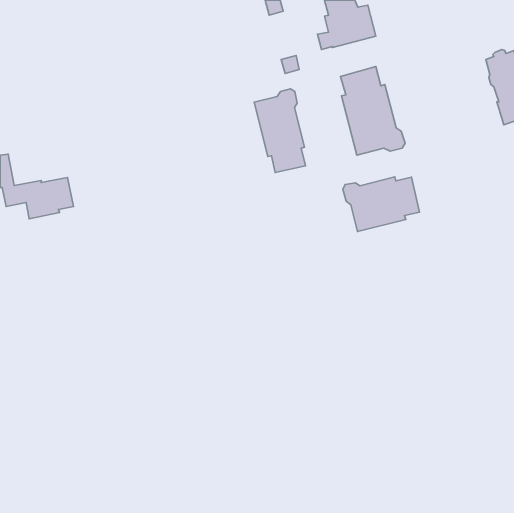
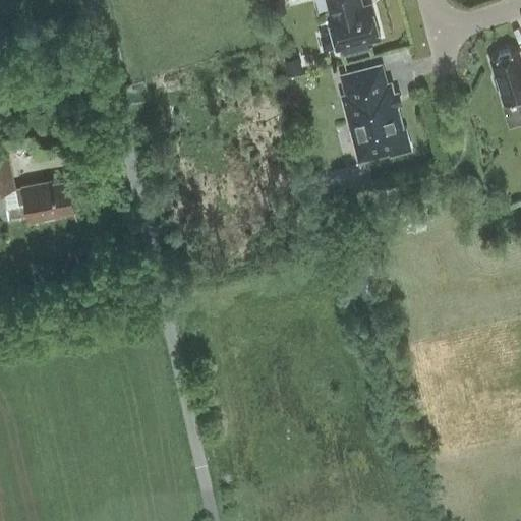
building: [254,89,306,172] -> none
building: [343,177,420,232] -> none

